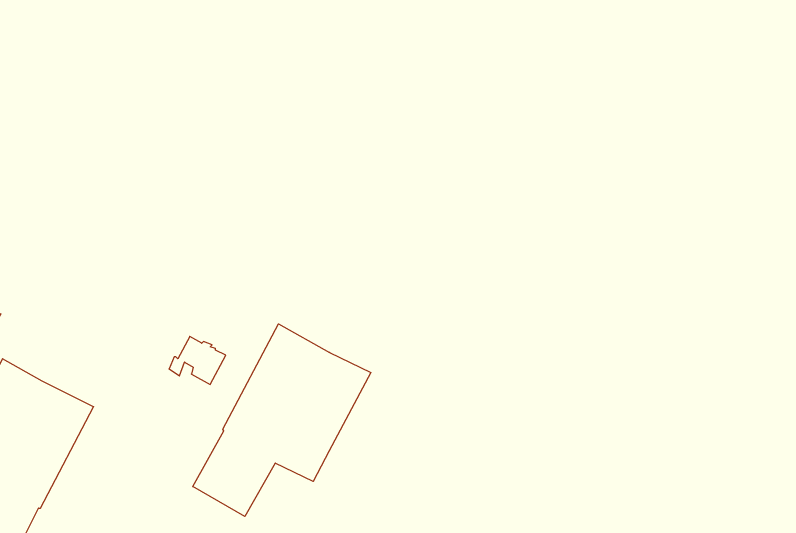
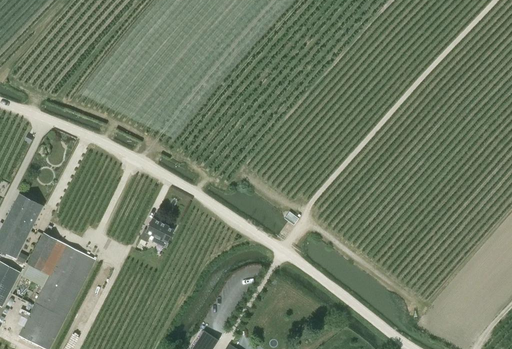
building: [193,324,371,516] -> none

